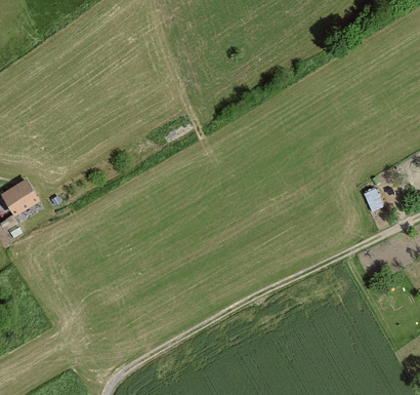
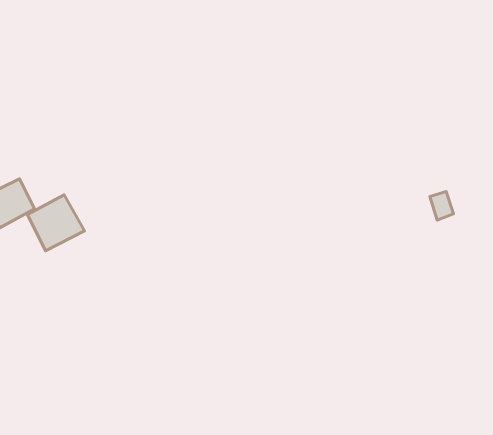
building: none -> [27,195,84,251]

